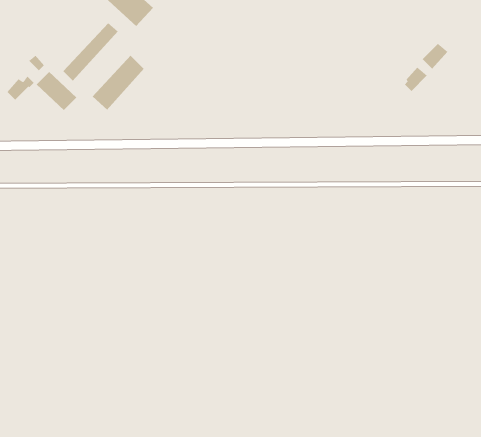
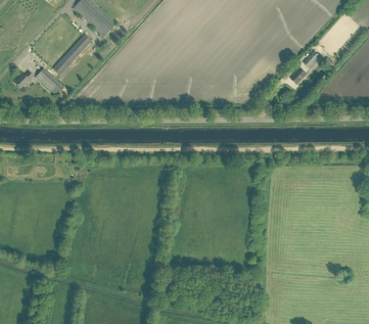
building: [92,55,145,110] -> none

